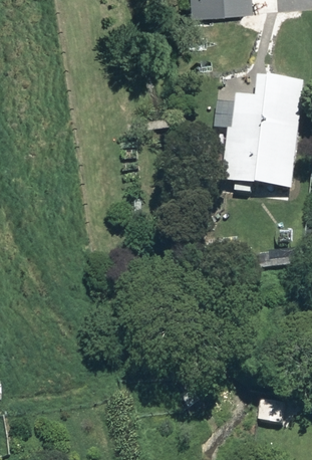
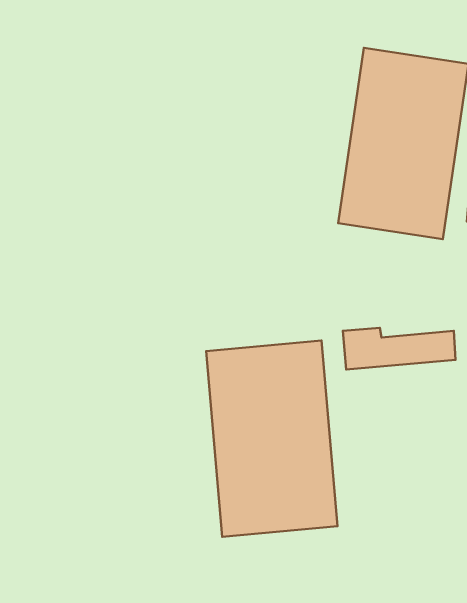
building: none -> [206,340,338,537]

